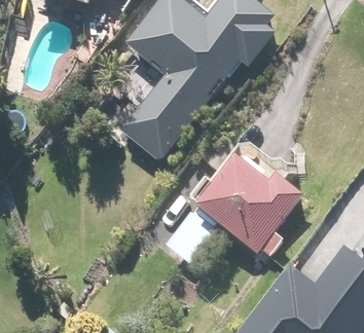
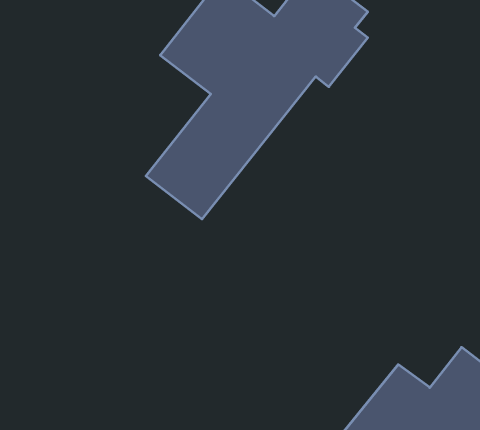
building: [194,152,303,253] -> none

